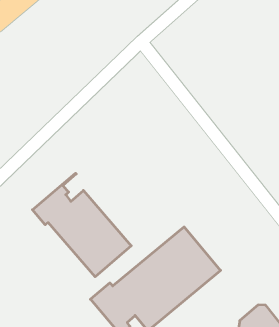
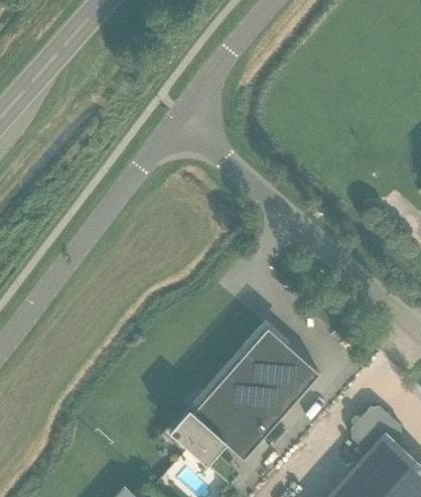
building: [32,173,131,277] -> none

